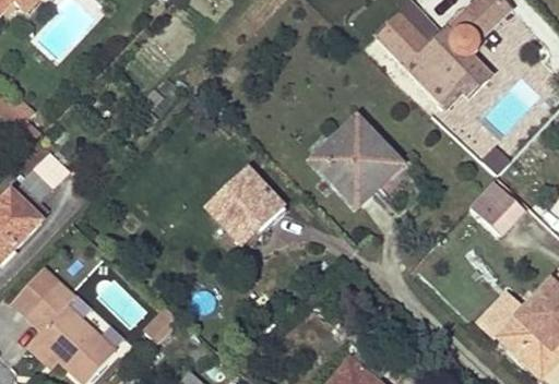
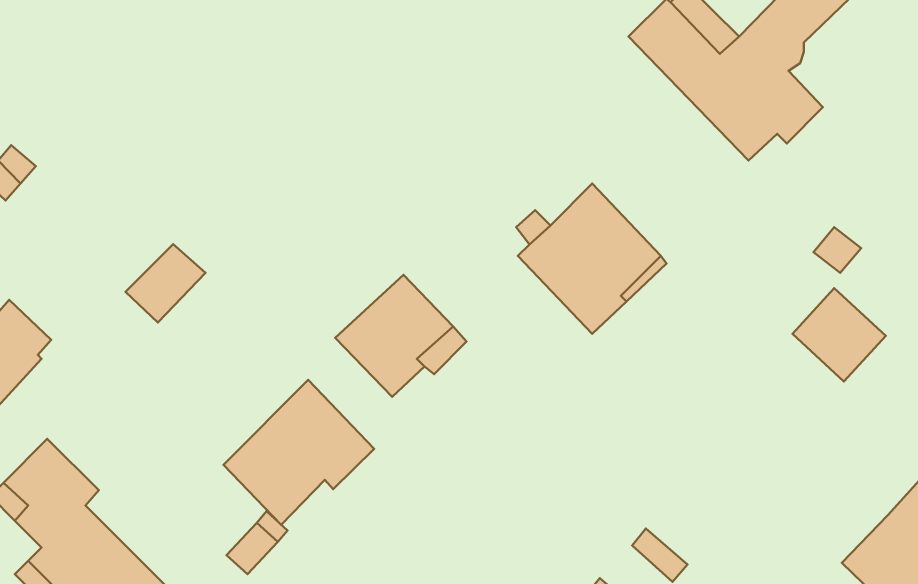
building: [23,153,69,197] -> [125,244,205,322]
building: none -> [224,380,374,525]
building: [480,292,525,338] -> none

